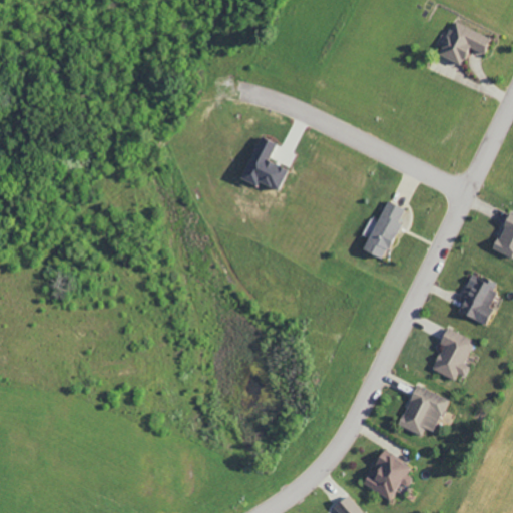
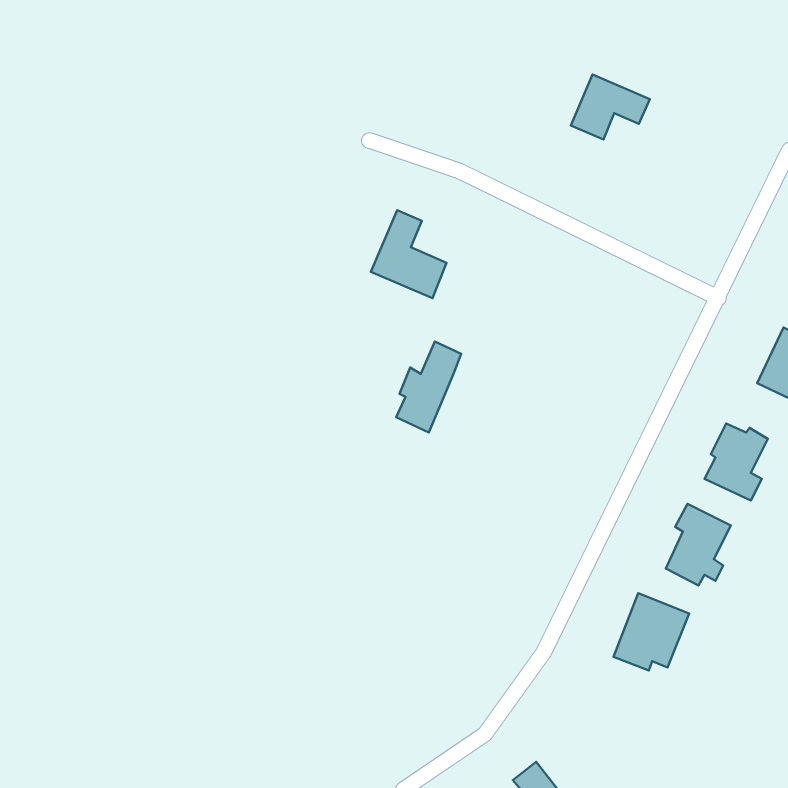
building: [439,22,490,64] -> [571,74,650,139]
building: [362,201,404,261] -> [396,341,461,433]
building: [364,448,413,500] -> none

